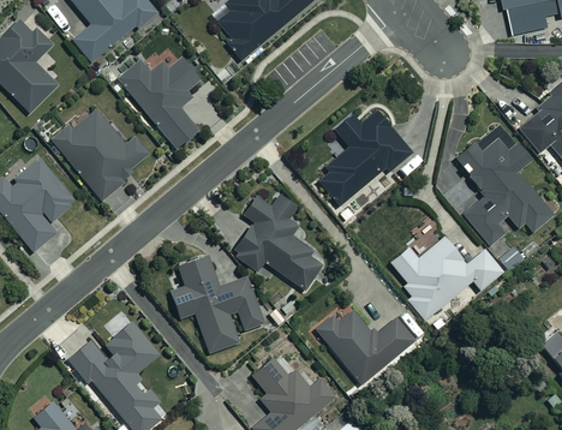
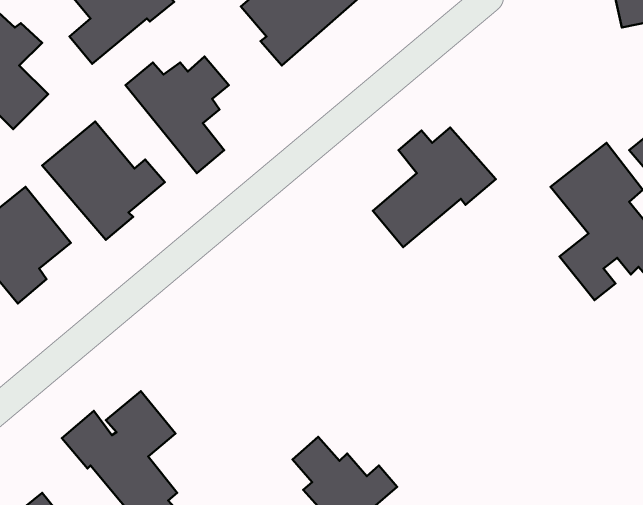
building: [232,196,323,291] -> none
building: [396,237,504,319] -> none
building: [169,255,263,353] -> none
building: [316,310,417,384] -> none

